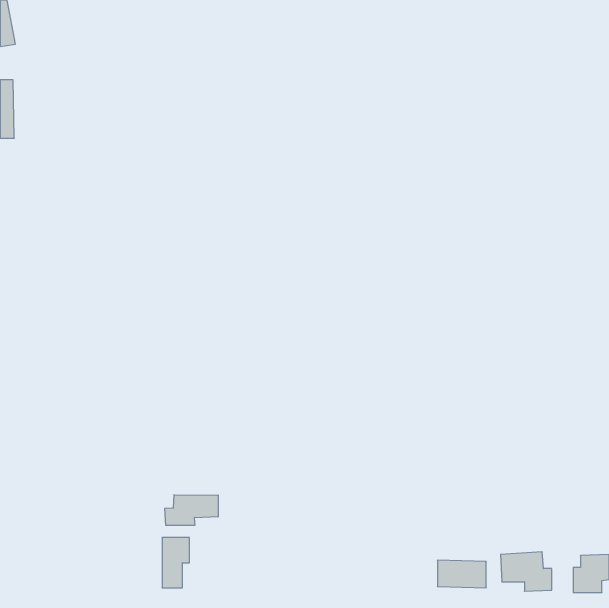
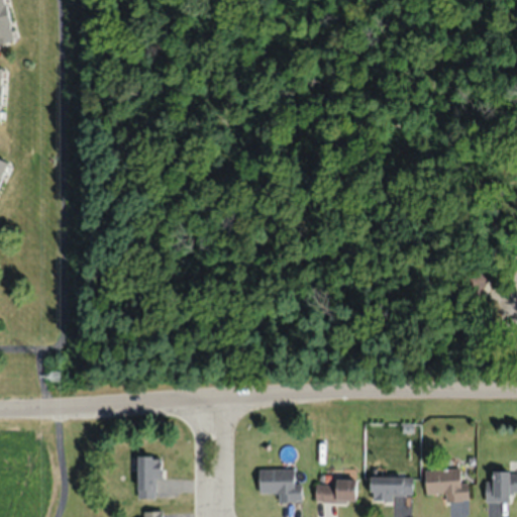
building: [165,495,218,525] -> none
building: none -> [258,470,301,502]
building: none -> [315,479,355,502]

